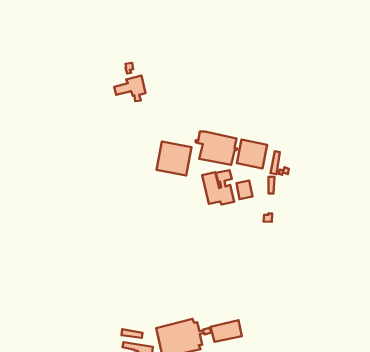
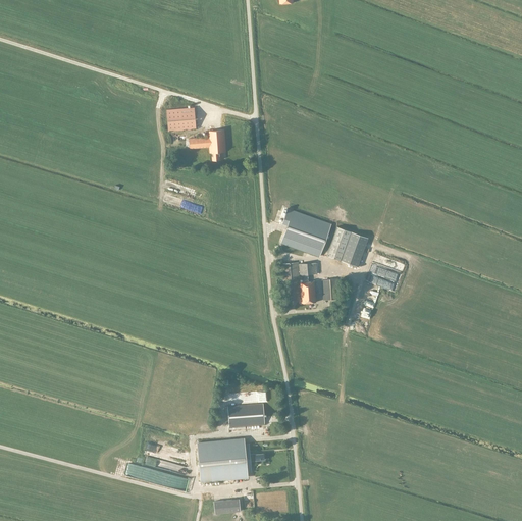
building: none -> [167,107,197,131]
building: [157,141,192,176] -> none
building: [211,320,242,342] -> [228,404,265,426]

